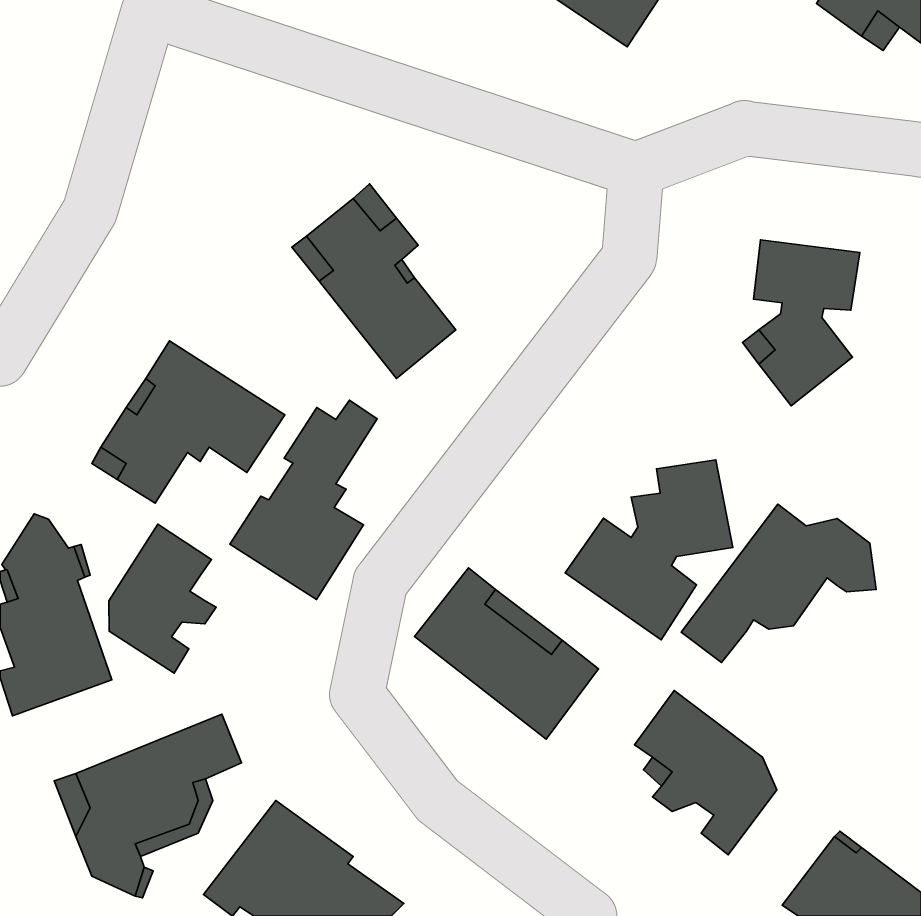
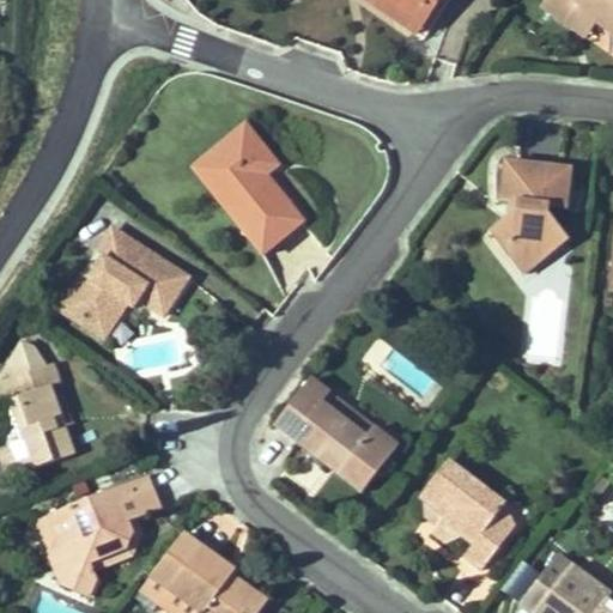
building: [230,400,377,600] -> none
building: [565,460,733,640] -> none
building: [681,504,876,662] -> none
building: [109,524,216,673] -> none

